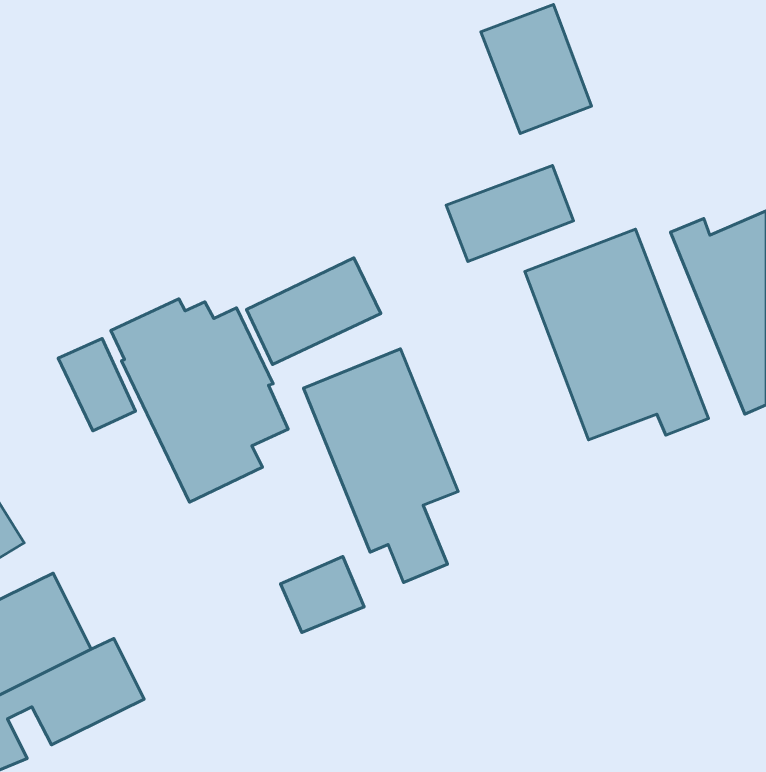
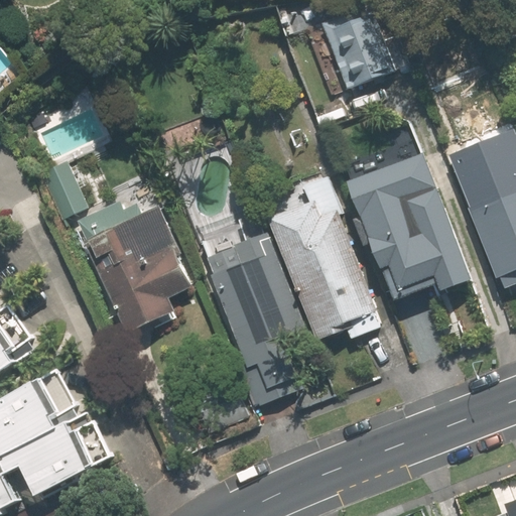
building: [446,165,573,262] -> none
building: [247,258,381,364] -> none
building: none -> [272,178,379,341]
building: [58,338,135,431] -> [36,157,88,219]

